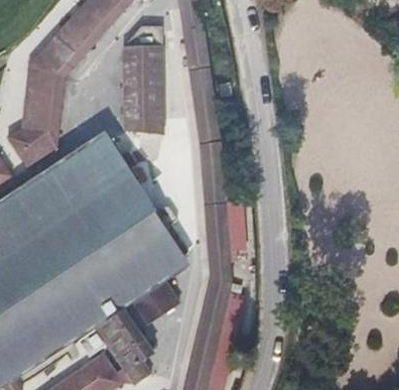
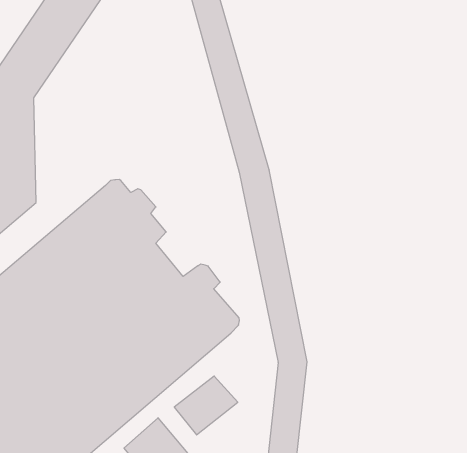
building: [124,24,162,134] -> none

